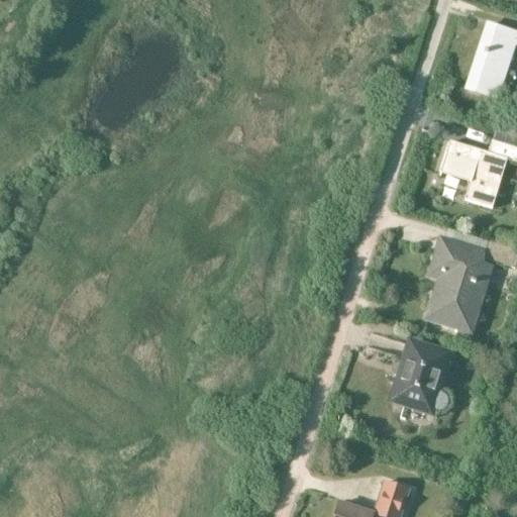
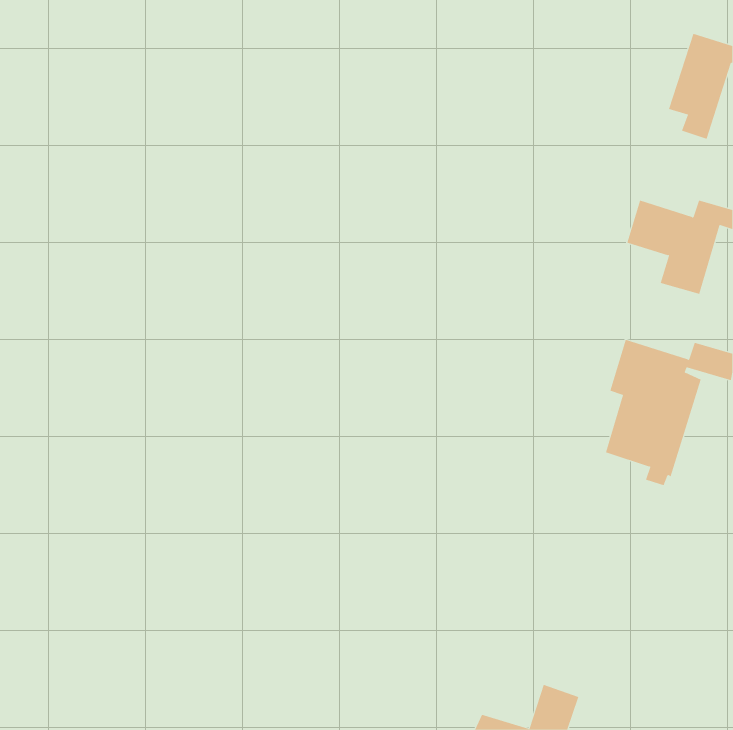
building: [391,342,447,412] -> none

